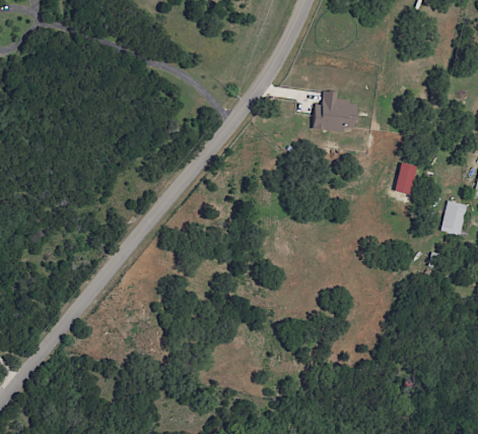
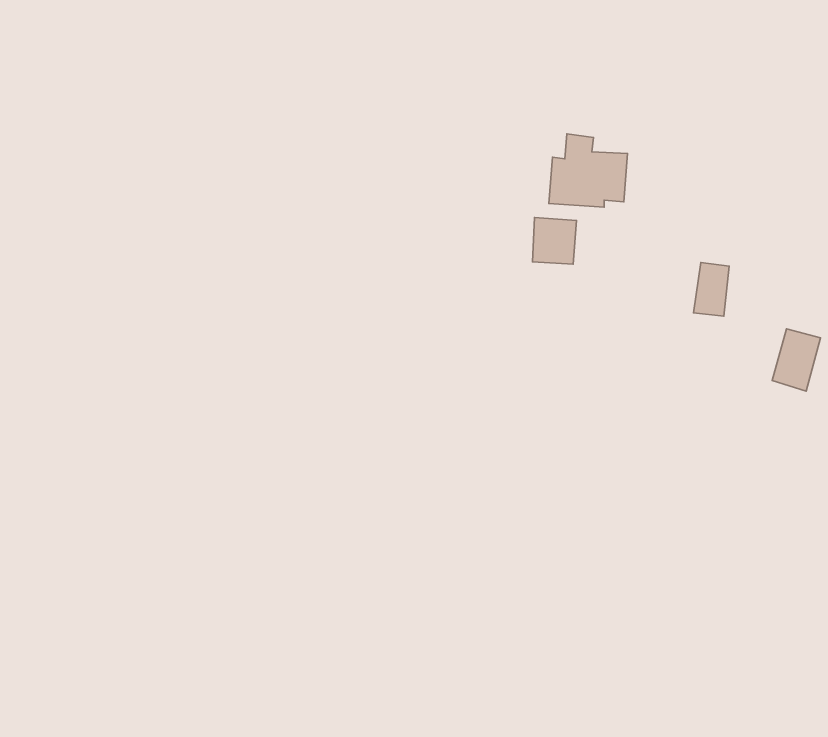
building: none -> [532,218,576,264]

